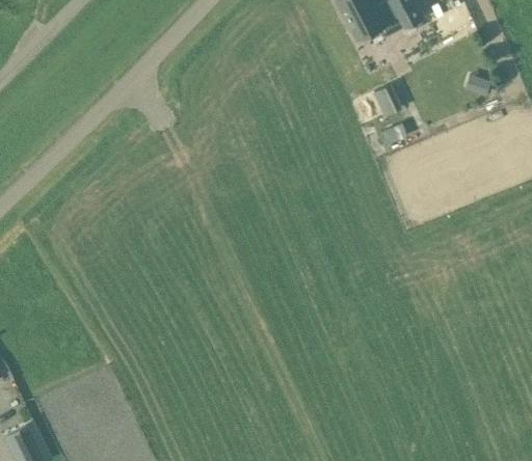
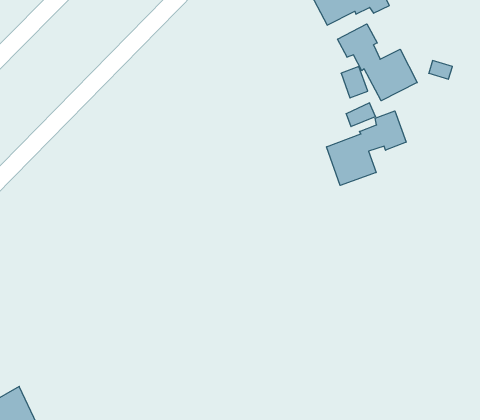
building: none -> [338,24,417,101]
building: none -> [327,111,406,185]

